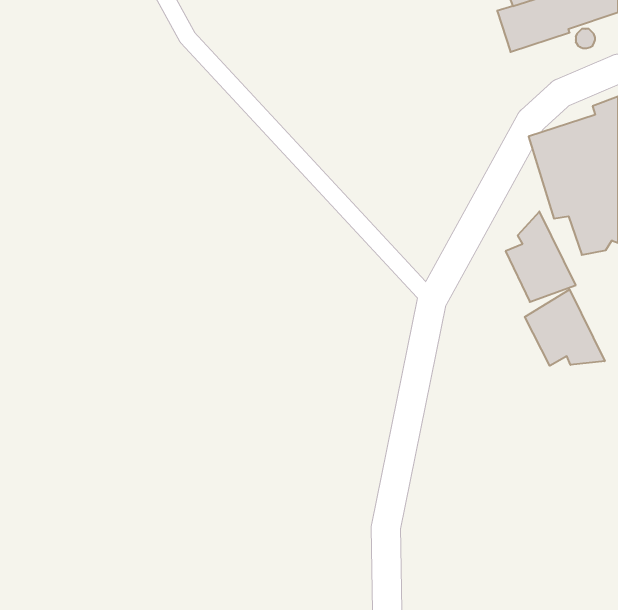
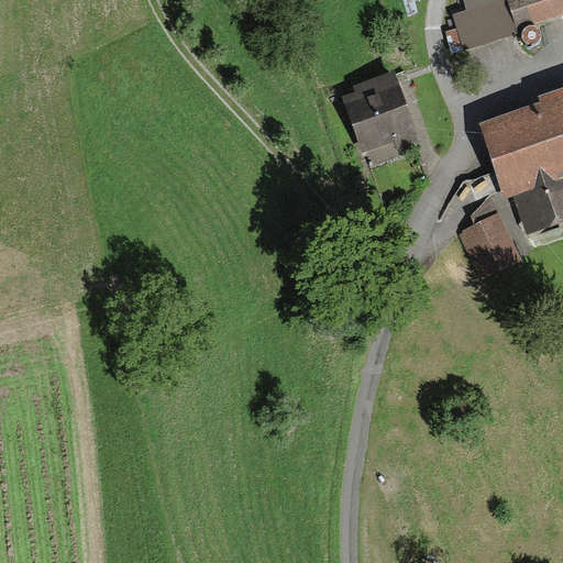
building: none -> [343,69,419,152]
building: [525,289,605,366] -> none

